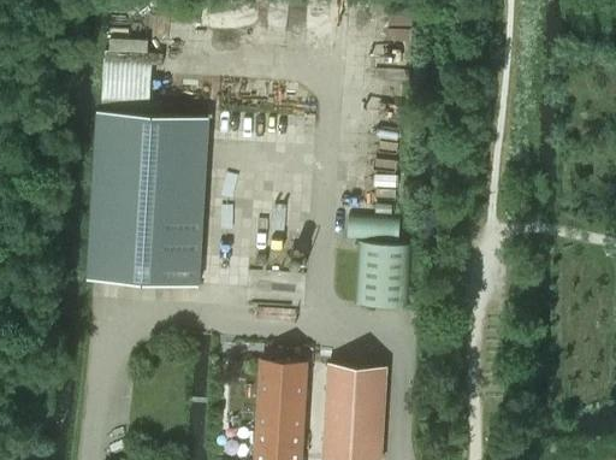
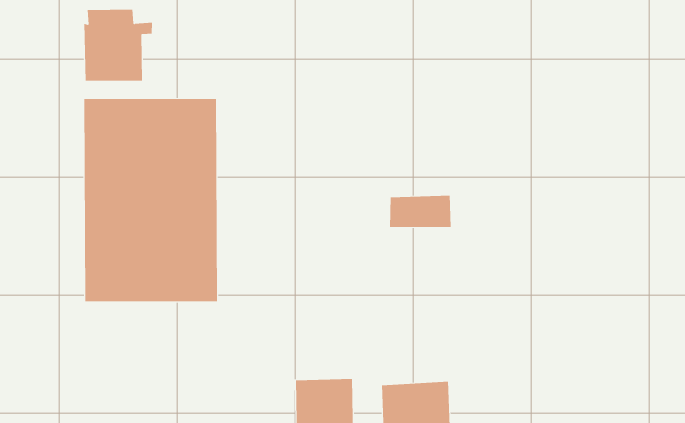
building: [356,247,411,301] -> none

